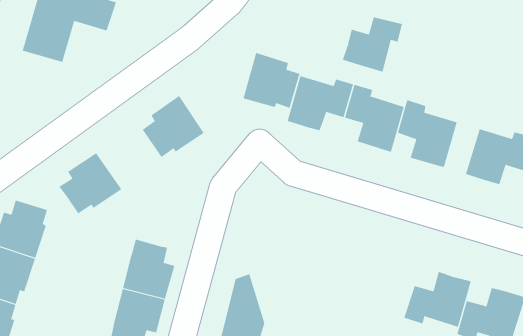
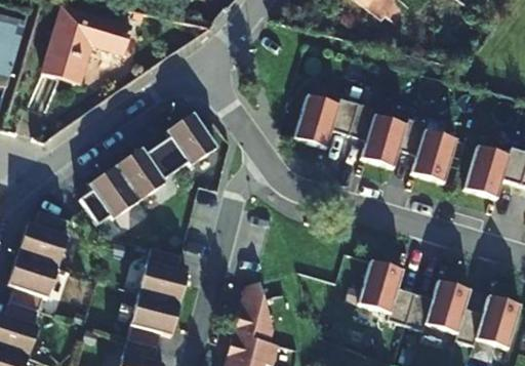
building: [342,17,403,73] -> none
building: [243,52,300,108] -> none
building: none -> [114,146,175,202]
building: none -> [358,259,415,324]

